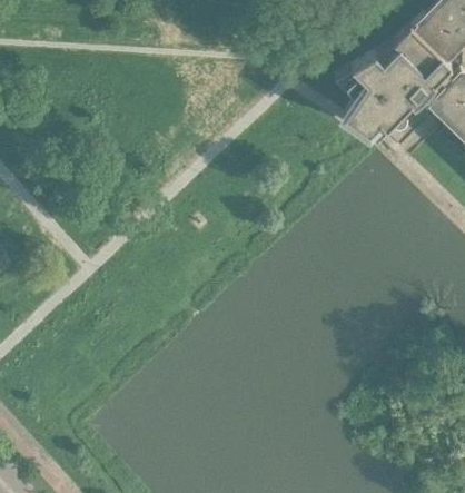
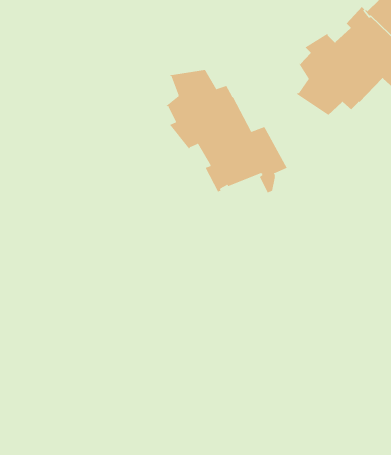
building: none -> [166,69,287,193]

